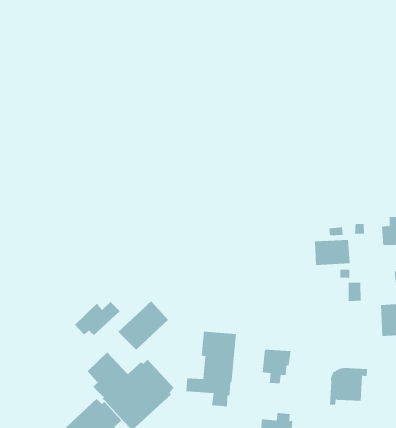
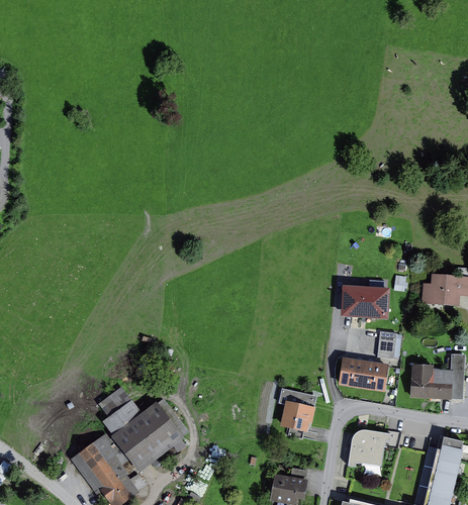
building: [118,300,169,351] -> none
building: [74,301,120,336] -> none
building: none -> [338,359,389,394]
building: [186,331,237,407] -> none

